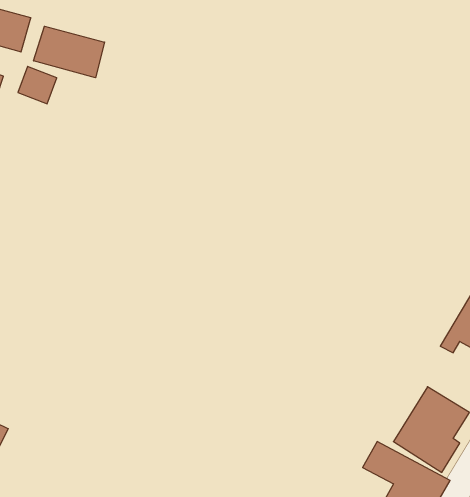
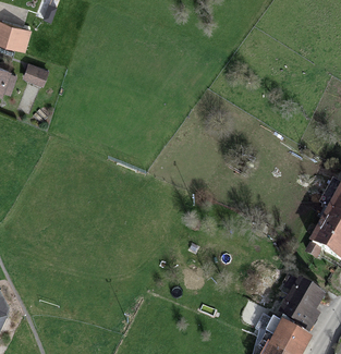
building: [34,26,105,78] -> none

